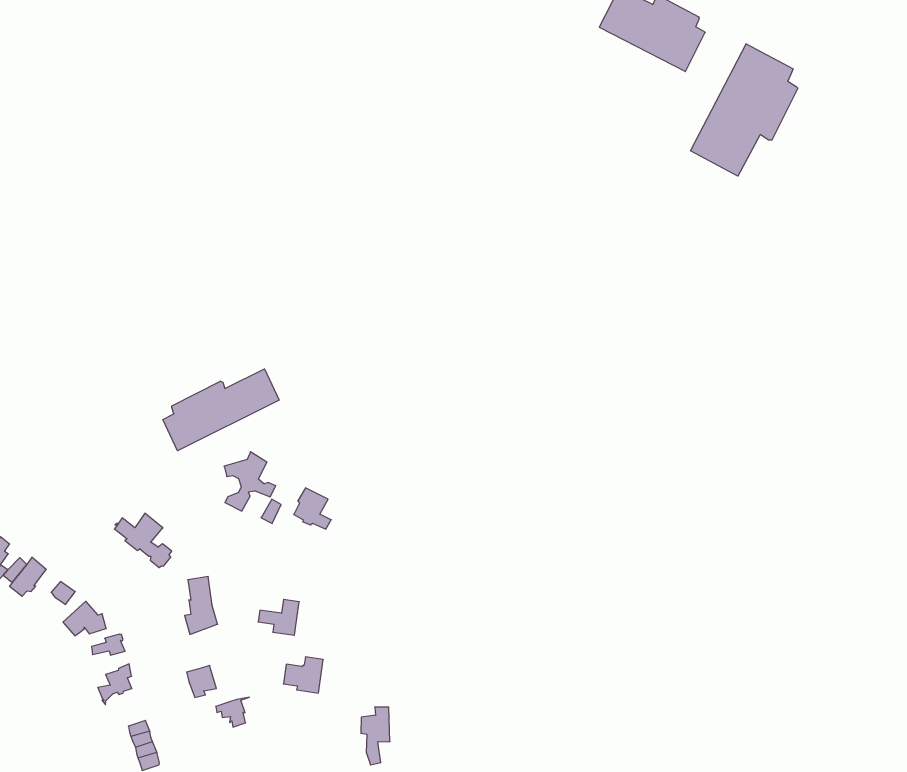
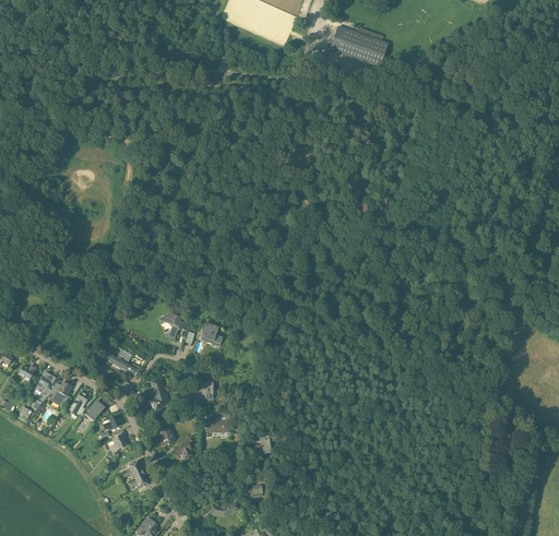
building: [691,44,798,176] -> none
building: [163,369,279,451] -> none

